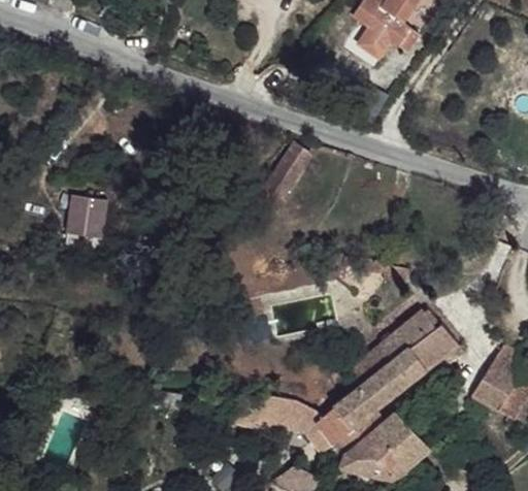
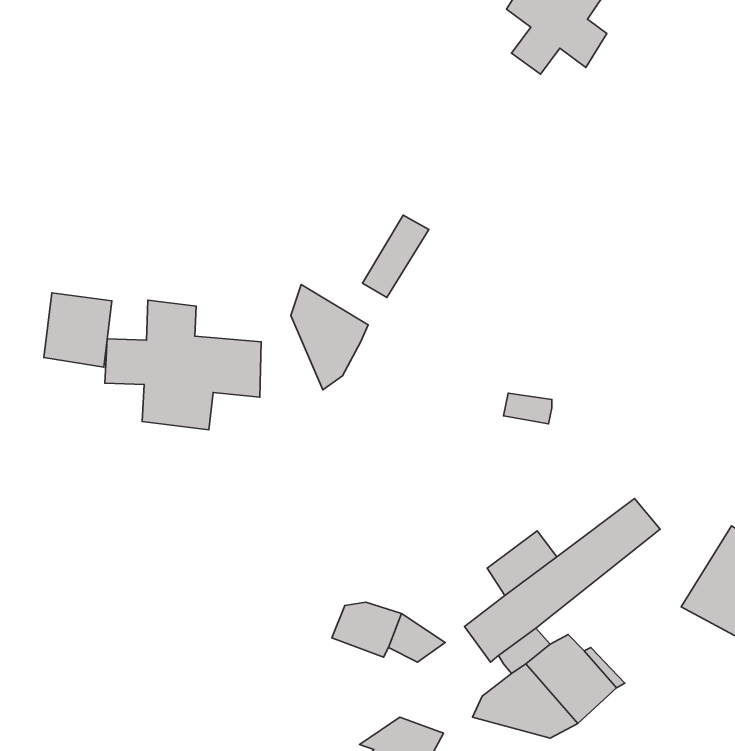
building: none -> [291,285,368,390]
building: none -> [105,300,261,430]
building: [377,313,439,364] -> none
building: [301,408,348,453] -> none

